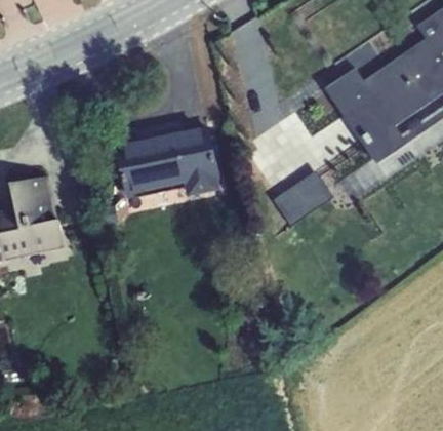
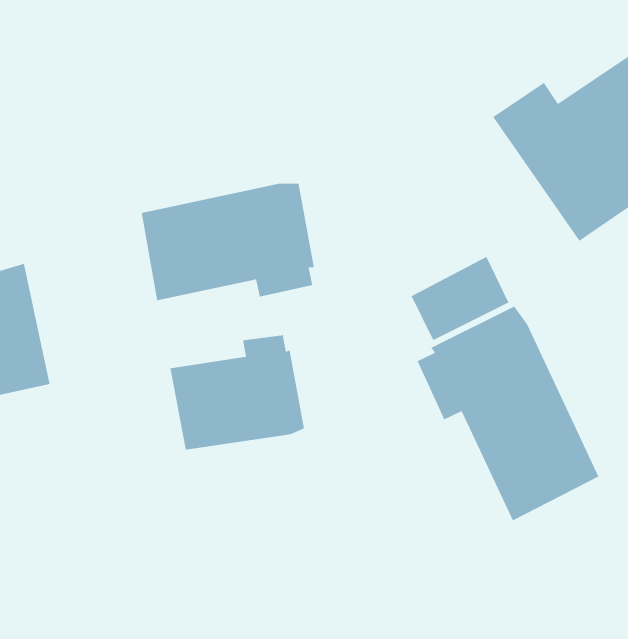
building: none -> [417,305,600,521]
building: none -> [169,334,305,450]

